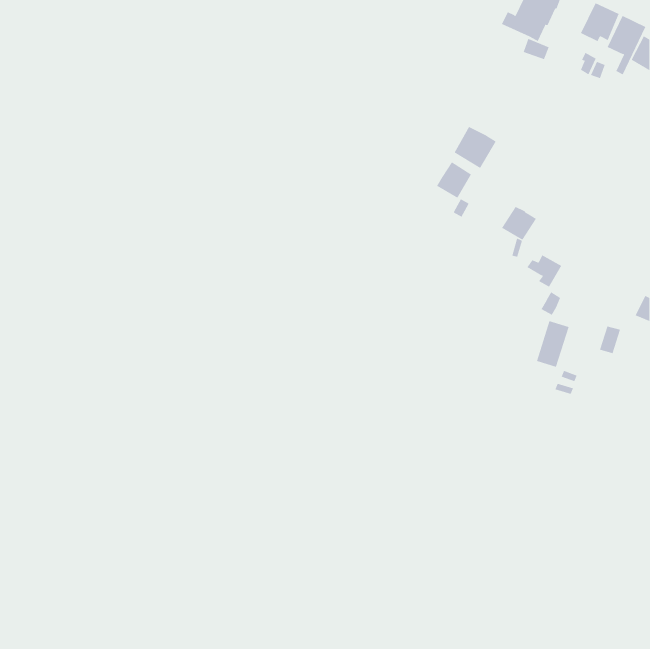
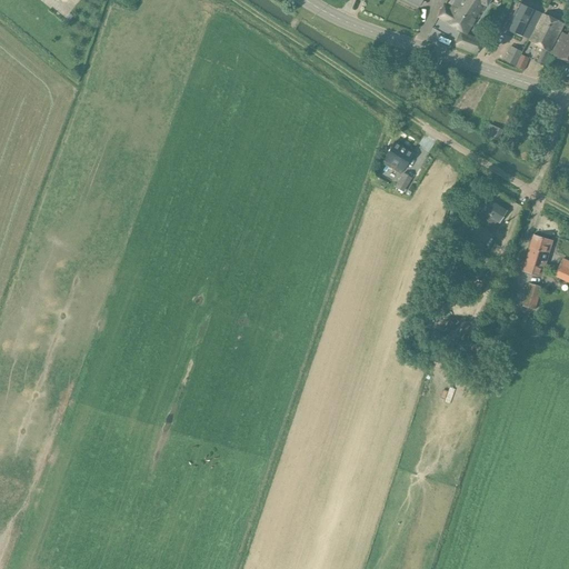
building: [454,126,497,169] -> none
building: [501,206,537,241] -> [476,199,507,229]
building: [536,320,569,367] -> [523,234,552,276]

